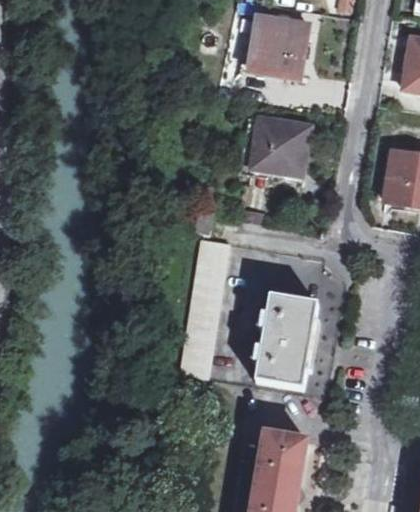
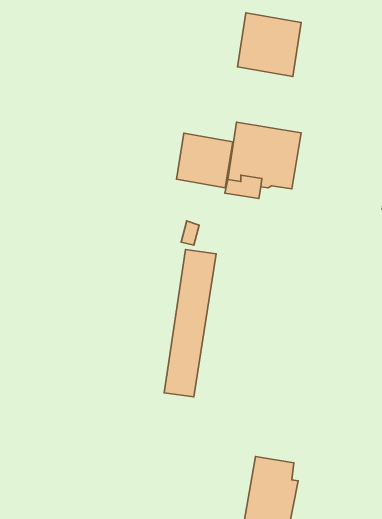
building: none -> [176,133,233,188]
building: [256,294,318,387] -> none

